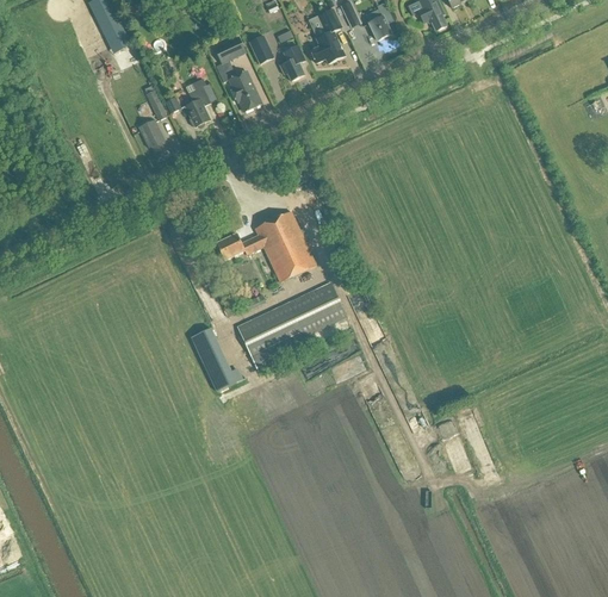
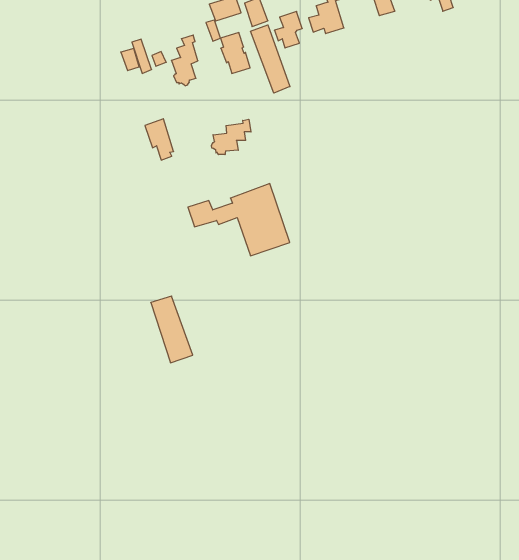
building: none -> [251,25,290,93]
building: [138,117,168,156] -> [145,119,174,160]
building: none -> [212,119,251,155]
building: [237,281,347,369] -> none

